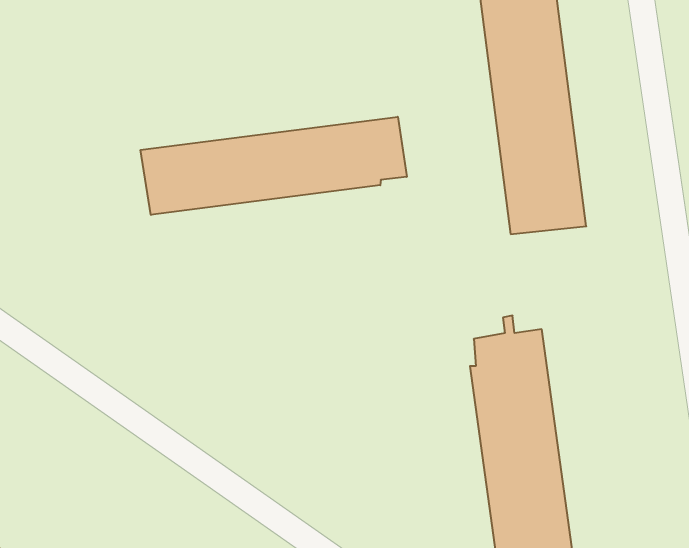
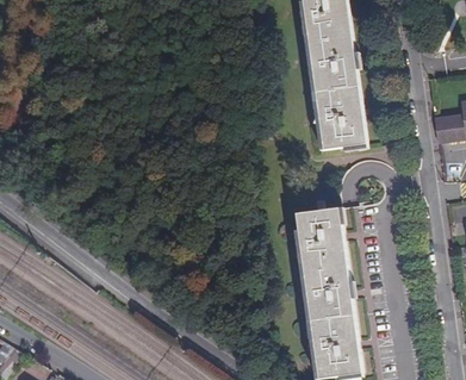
building: [141,117,407,215] -> none

